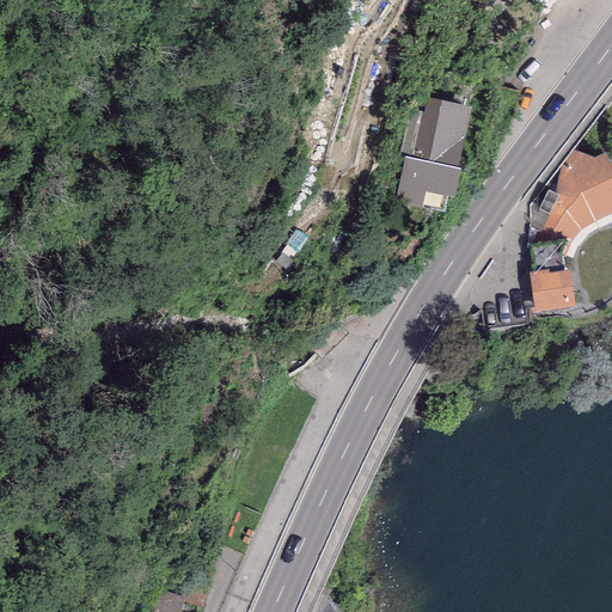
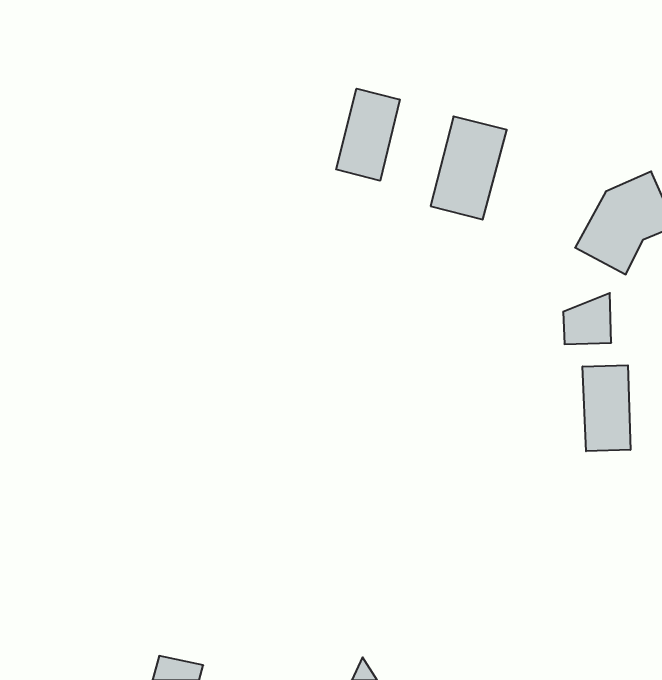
building: none -> [336,89,400,181]
building: none -> [583,365,630,451]

